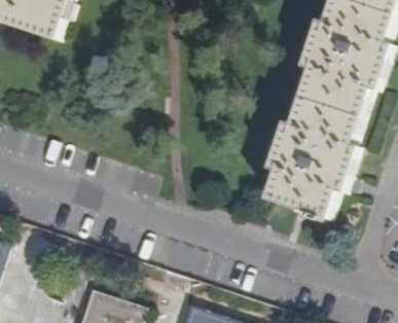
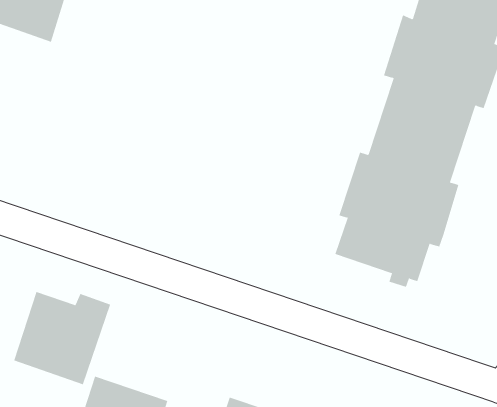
building: none -> [14,291,111,385]

